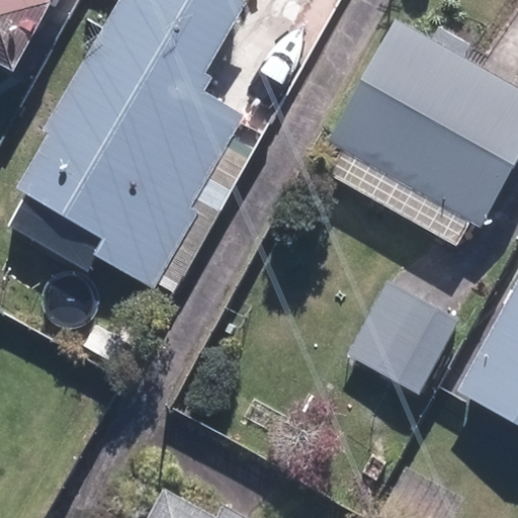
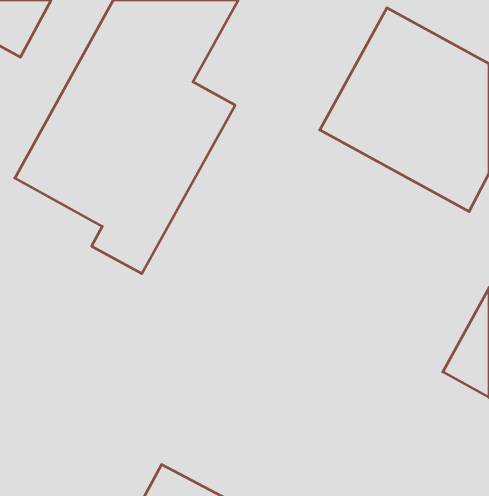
building: [340,281,458,400] -> none

